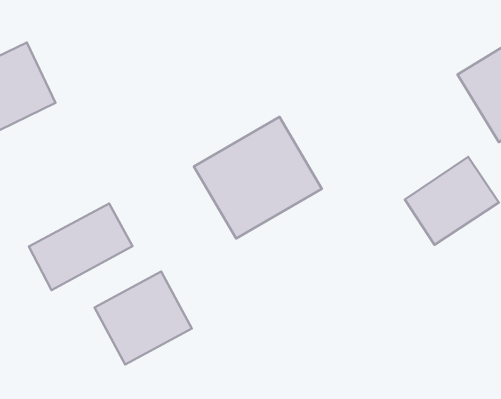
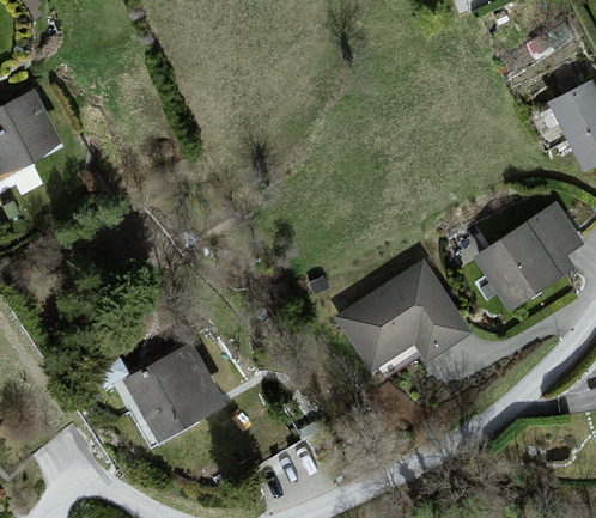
building: [194,117,322,239] -> [327,254,472,391]
building: [29,204,132,290] -> none

